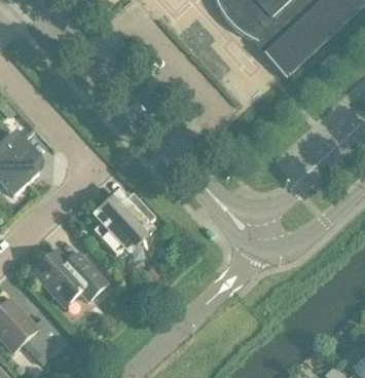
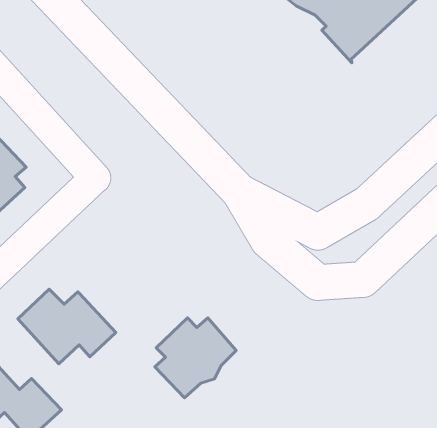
building: [93,192,154,253] -> [155,318,236,398]

